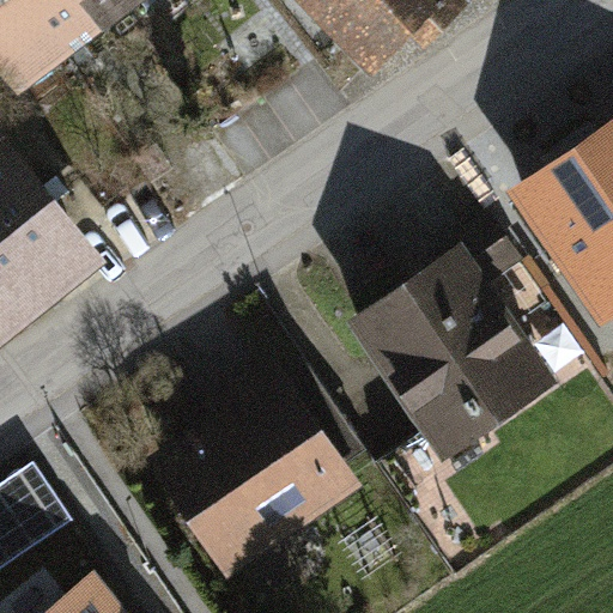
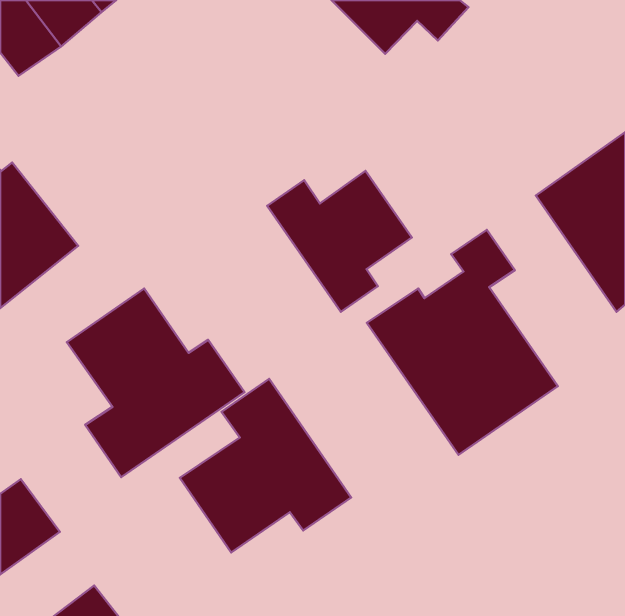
building: none -> [267,171,412,312]
building: none -> [67,289,244,477]

